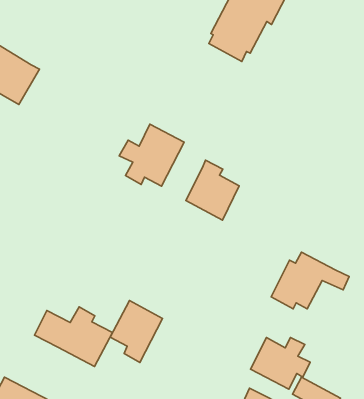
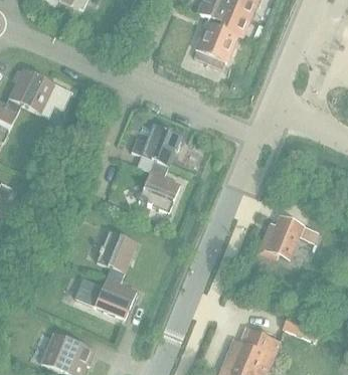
building: [186,160,239,220] -> [138,165,179,211]
building: [110,301,163,363] -> [96,229,136,277]
building: [250,338,310,389] -> none

